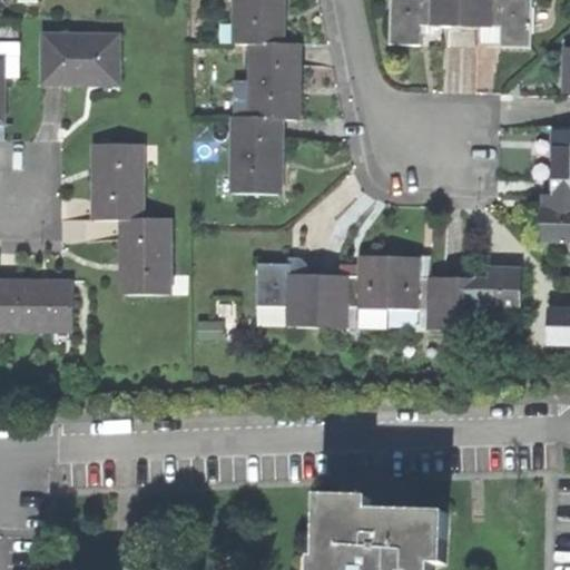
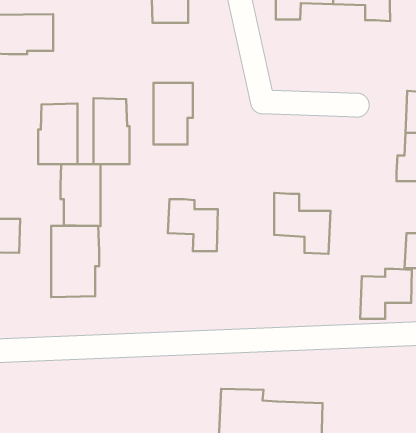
building: [250,43,302,118] -> none
building: none -> [94,98,130,164]
building: [315,255,386,328] -> none
building: [454,268,519,331] -> [360,269,412,319]
building: none -> [51,226,99,297]

